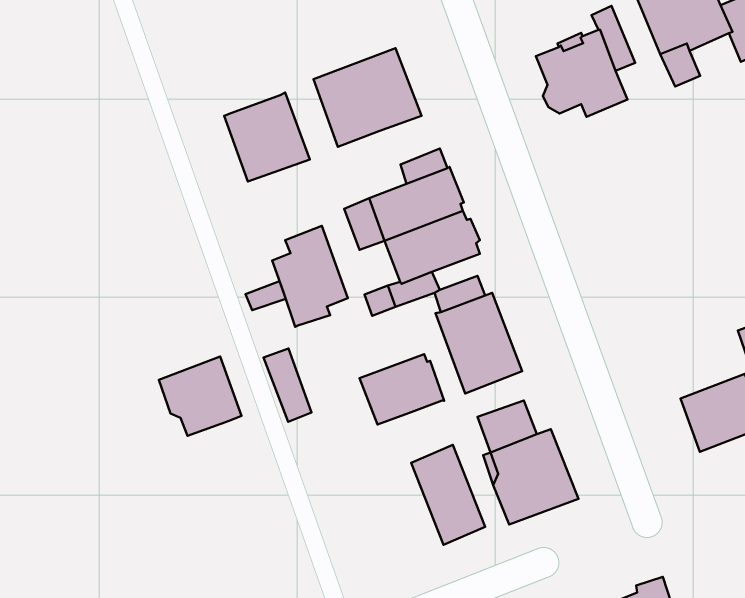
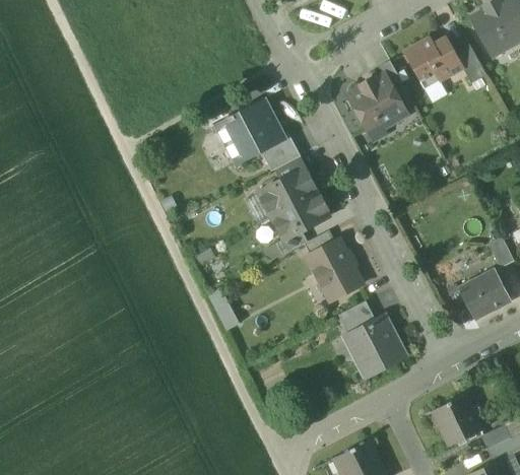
building: [224,93,310,182] -> none
building: none -> [260,133,301,171]
building: [272,226,348,327] -> none
building: [360,354,444,425] -> none
building: [159,357,242,436] -> none
building: [411,445,485,545] -> none

